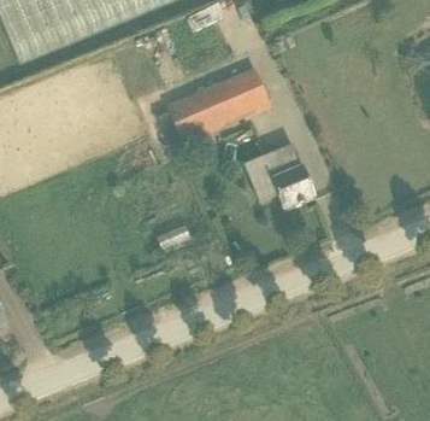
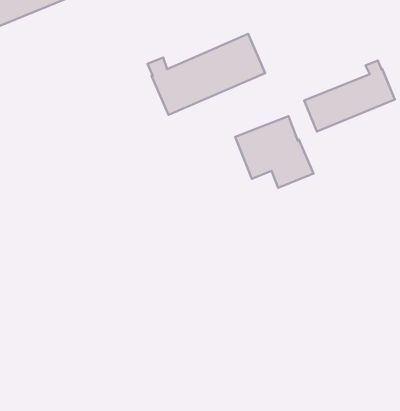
building: none -> [304,60,395,131]

